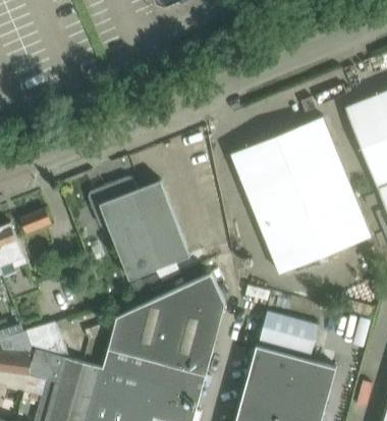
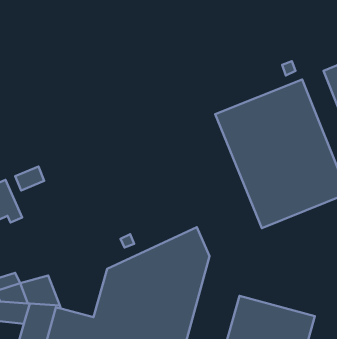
building: [89,177,190,280] -> none
building: [259,312,319,357] -> none

